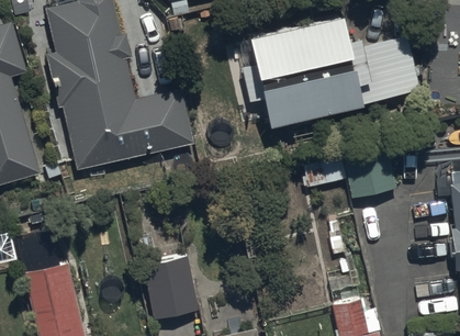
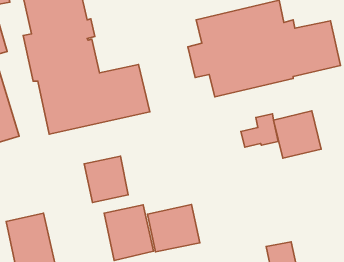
building: none -> [84,156,128,202]
building: none -> [148,205,200,252]

